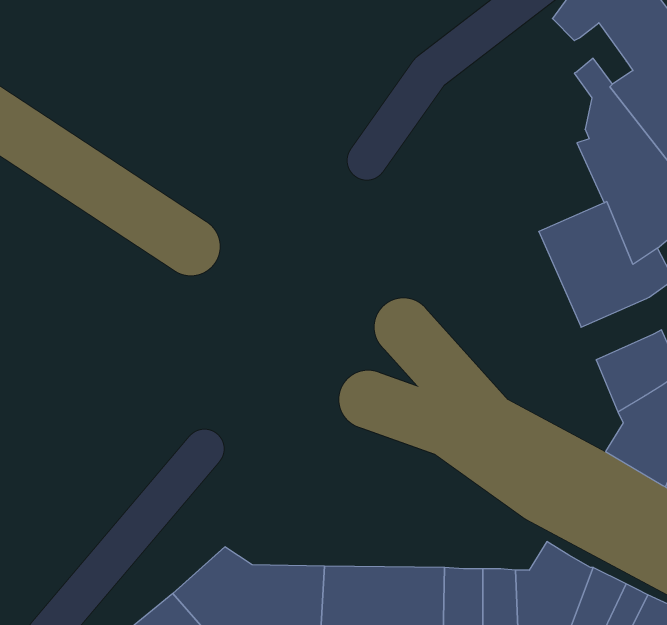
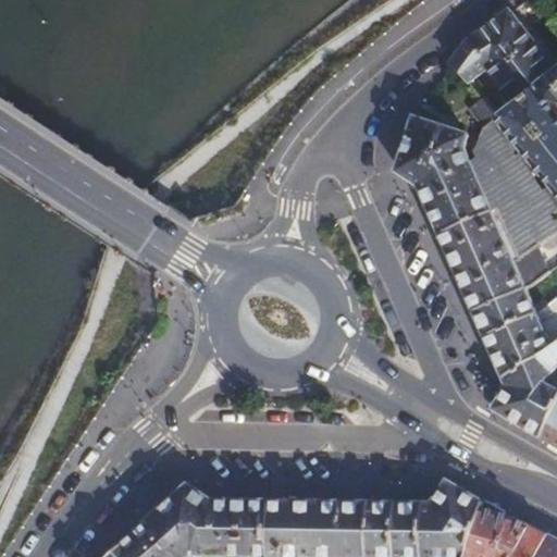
building: none -> [395,116,492,234]
building: none -> [473,287,537,336]

